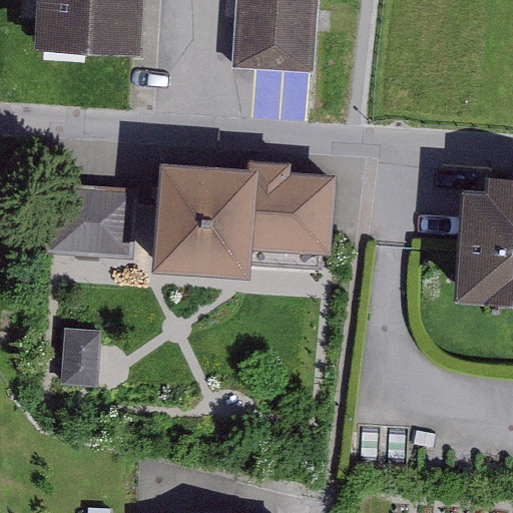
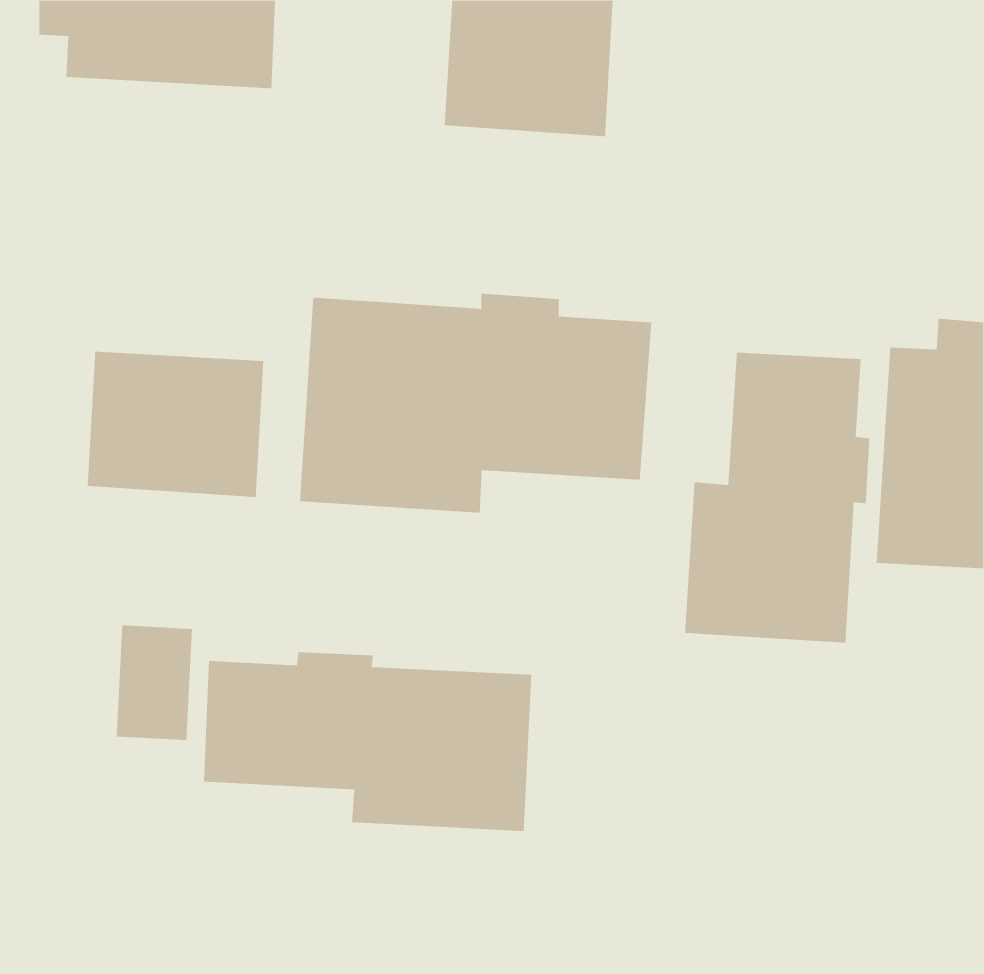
building: none -> [685,352,870,643]
building: none -> [203,651,532,832]

